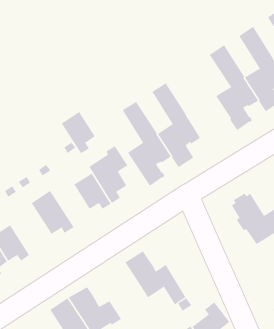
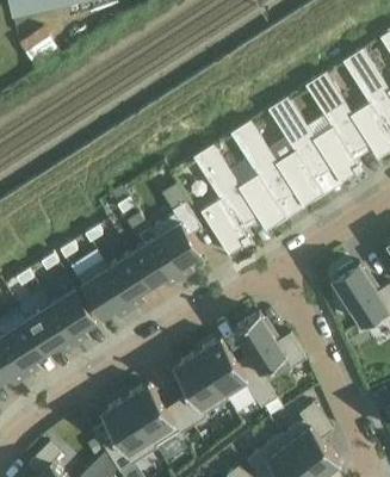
building: none -> [268,97,333,207]
building: [56,111,95,154] -> [101,253,151,308]
building: none -> [50,289,95,343]
building: none -> [234,314,307,377]
building: none -> [173,353,228,426]

